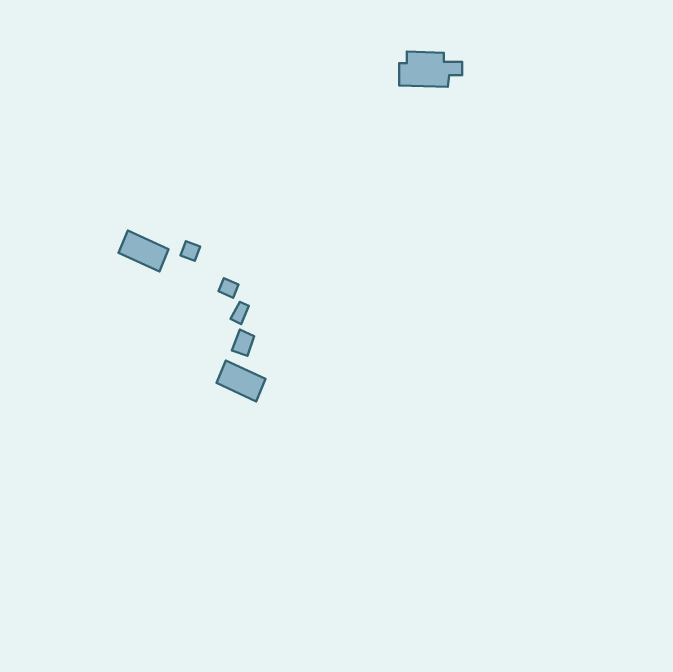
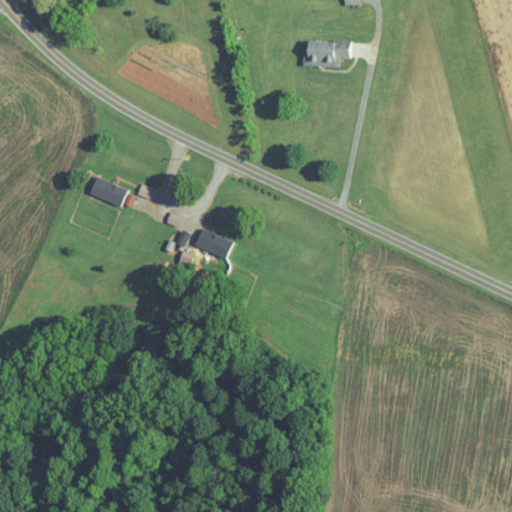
building: [217,361,265,401] -> [196,228,233,259]

